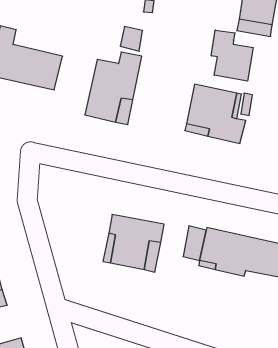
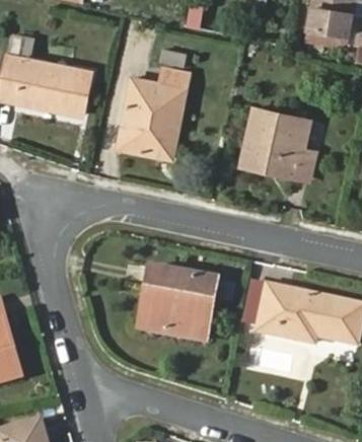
building: [211,30,253,81] -> none

